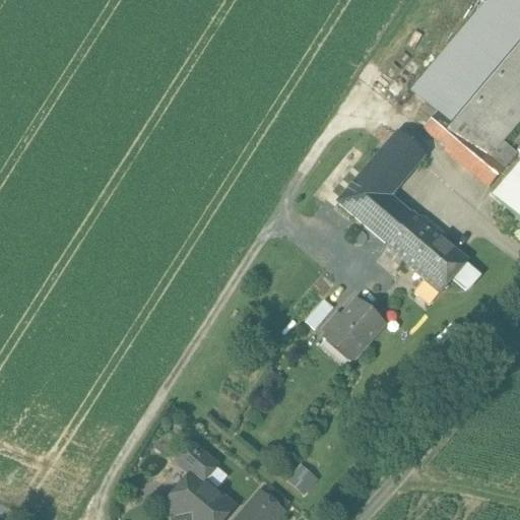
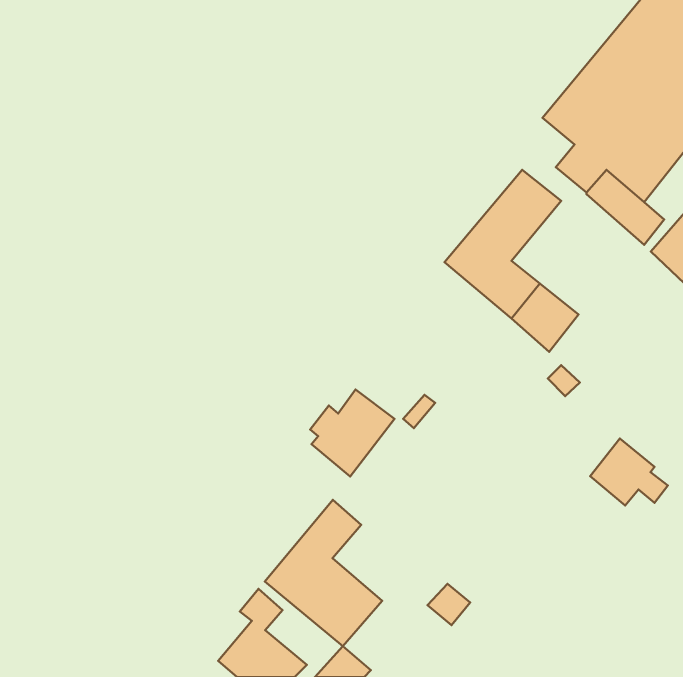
building: [417,239,476,289] -> [590,439,668,506]
building: [322,297,386,363] -> [310,389,395,476]
building: none -> [265,500,382,646]
building: [286,460,319,492] -> [427,584,470,625]

